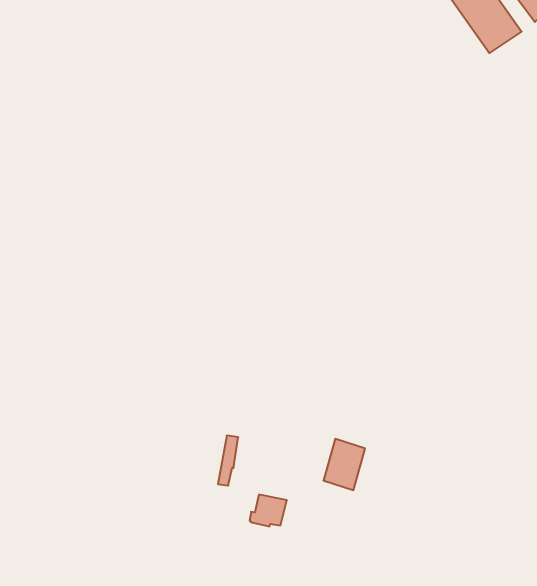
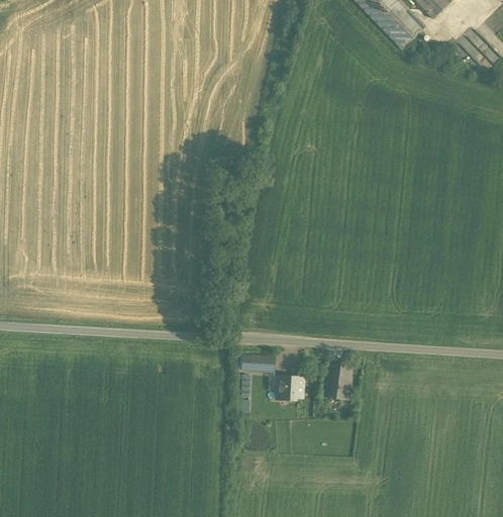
building: none -> [239,353,274,371]
building: [250,495,287,526] -> [275,375,301,398]

